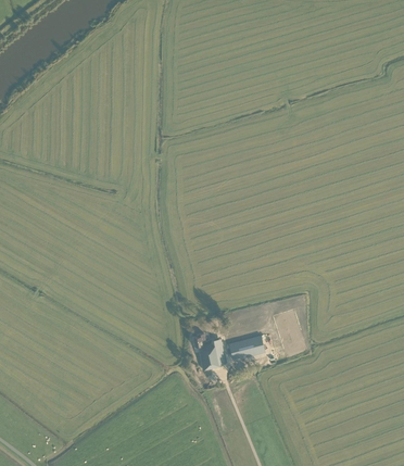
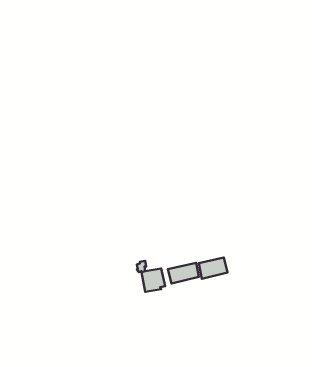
building: none -> [199,257,228,279]

